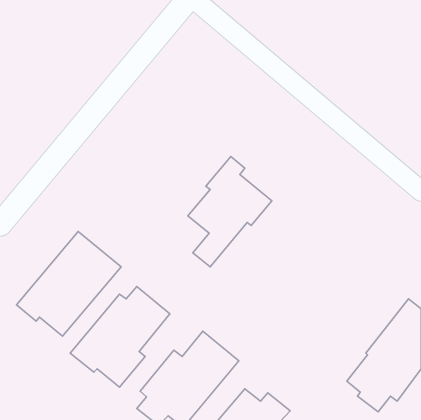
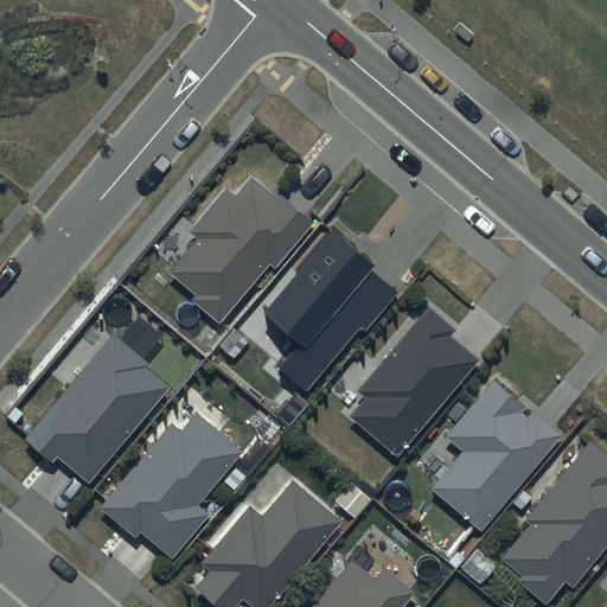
building: none -> [168,179,312,325]
building: none -> [351,308,478,456]
building: none -> [430,381,562,532]

